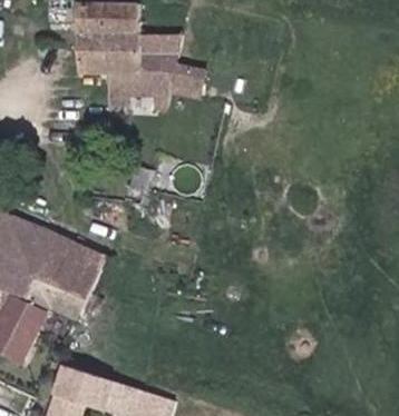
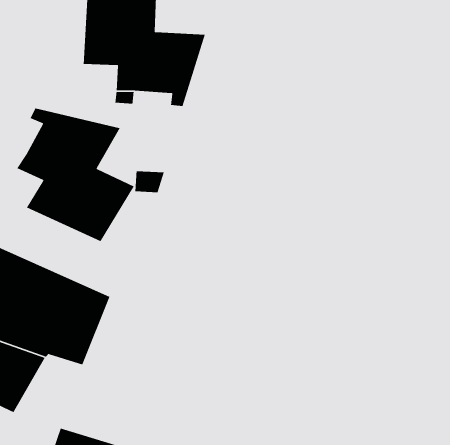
building: none -> [16,108,135,242]

